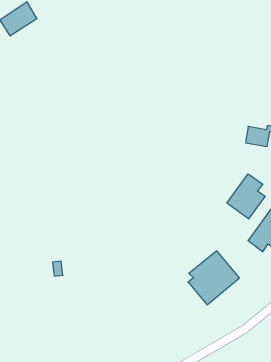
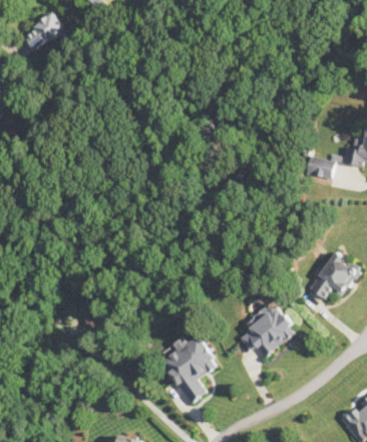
building: [227,174,265,219] -> none
building: none -> [160,335,219,405]

